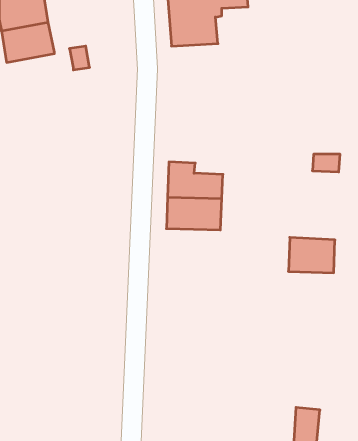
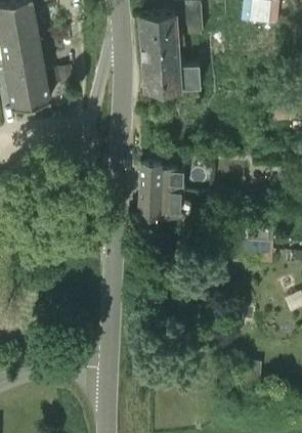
building: none -> [140,67,200,93]
building: none -> [6,76,50,110]

